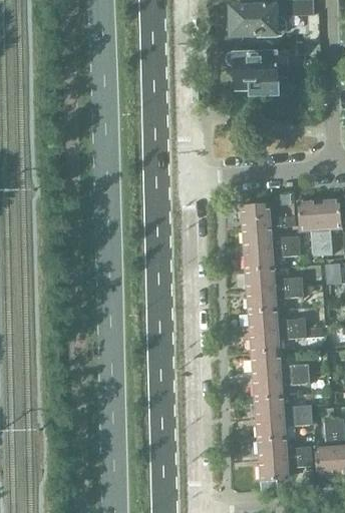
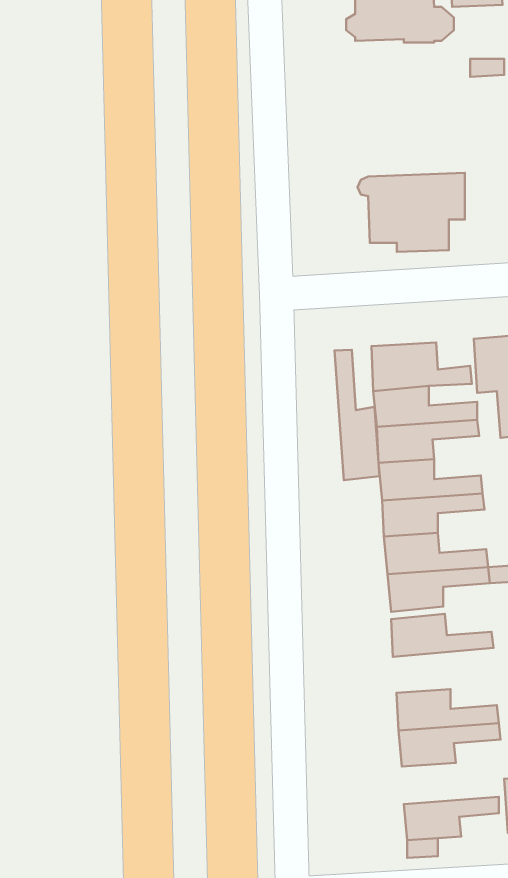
building: [228,51,288,95] -> [357,173,465,252]
building: none -> [334,350,380,480]
building: [253,373,310,398] -> none
building: [258,437,312,460] -> none

